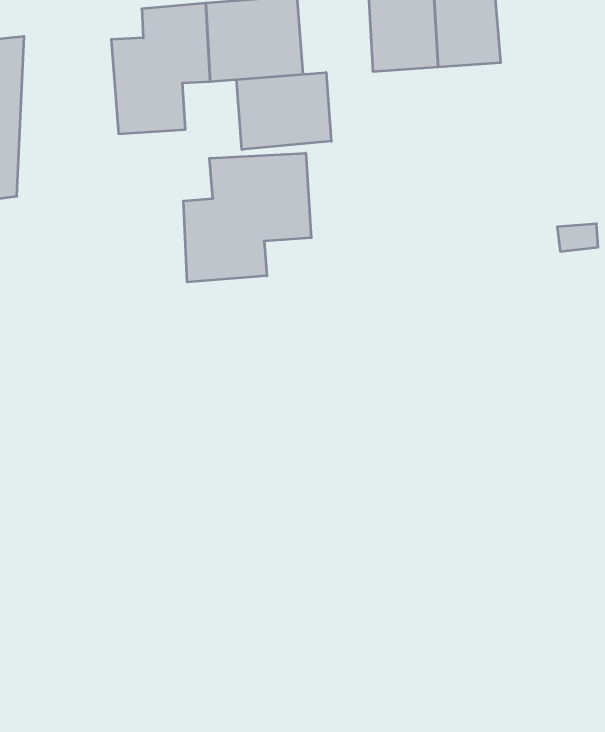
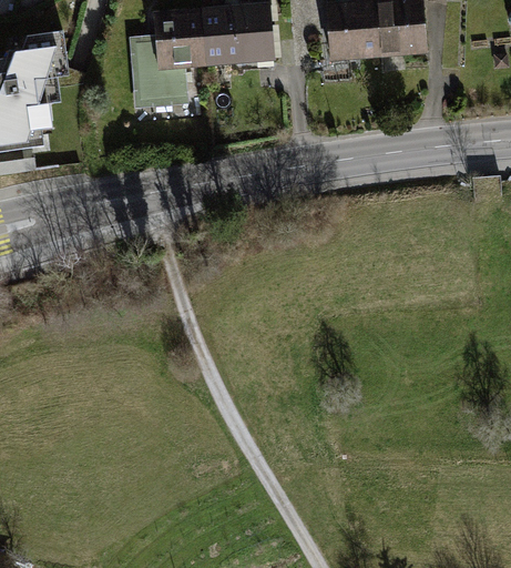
building: [236,72,331,150] -> none
building: [183,153,311,282] -> none

